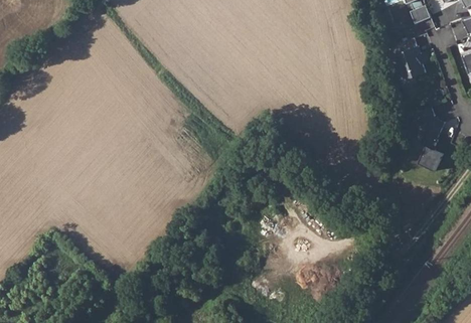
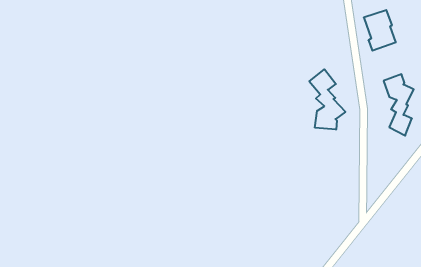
building: none -> [309,69,345,130]

